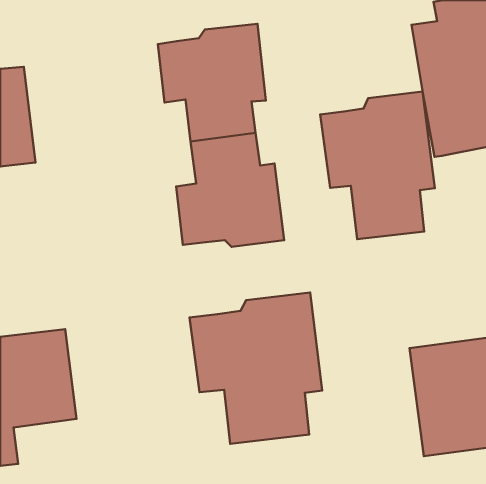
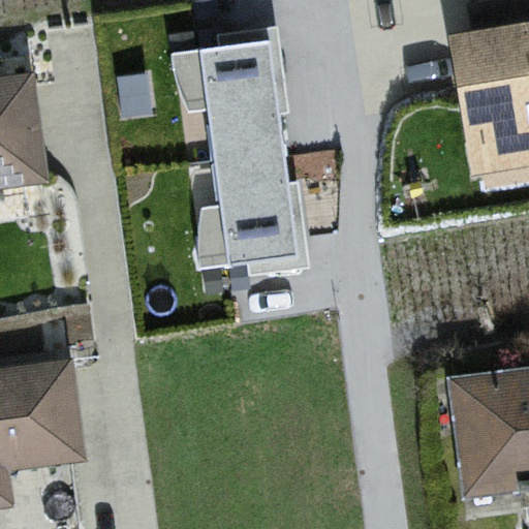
building: [320,92,435,239] -> none
building: [190,292,322,444] -> none

